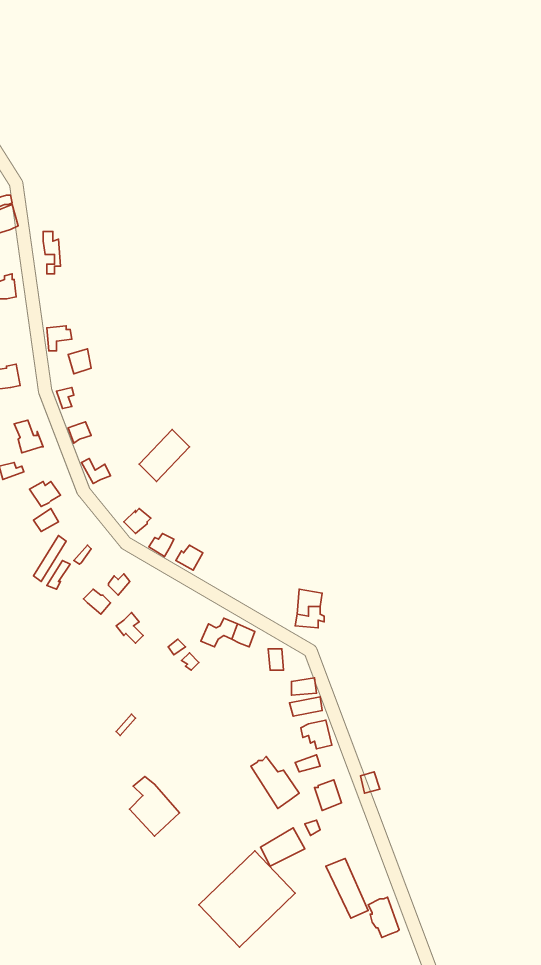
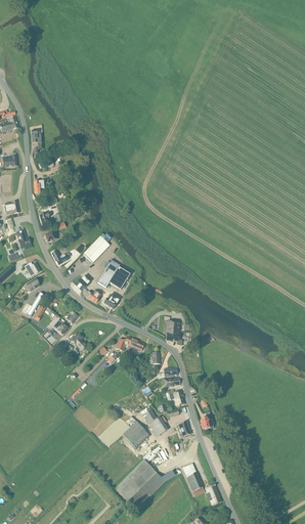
building: none -> [97,260,130,290]
building: [129,776,179,836] -> [123,417,149,448]

